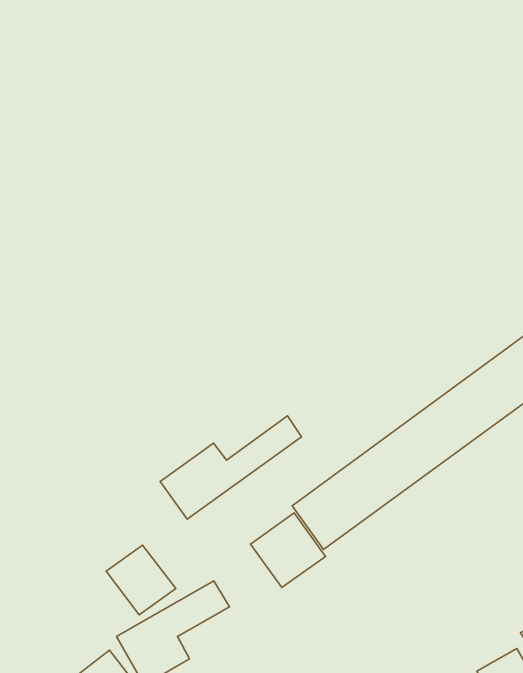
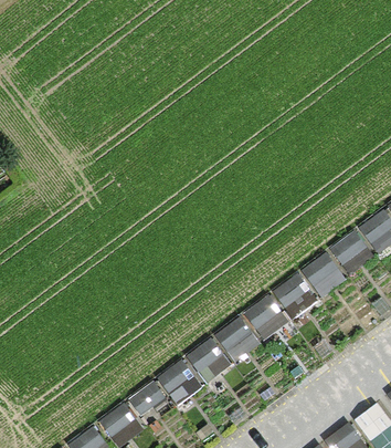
building: [160,416,302,519] -> none
building: [106,545,176,615] -> [158,362,202,406]

